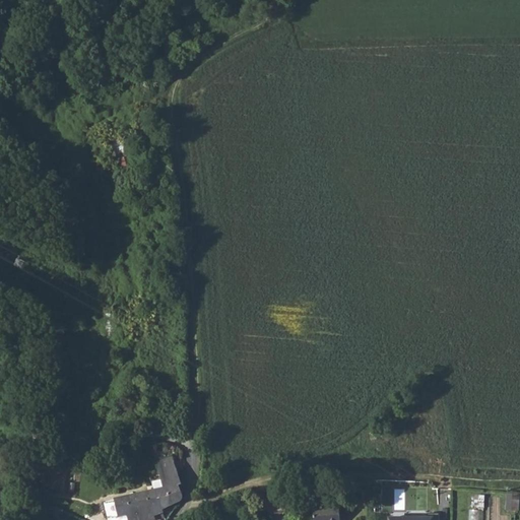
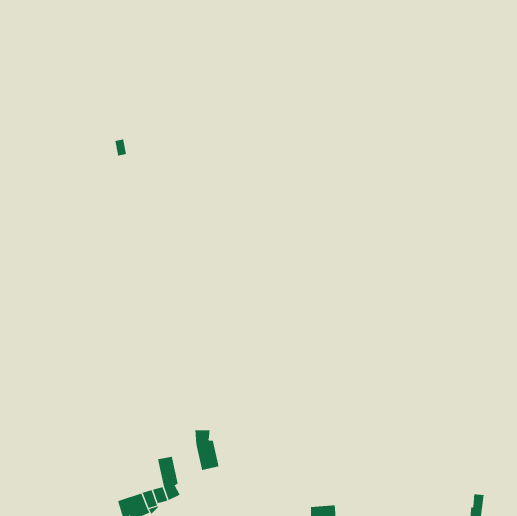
building: none -> [195,429,219,471]

